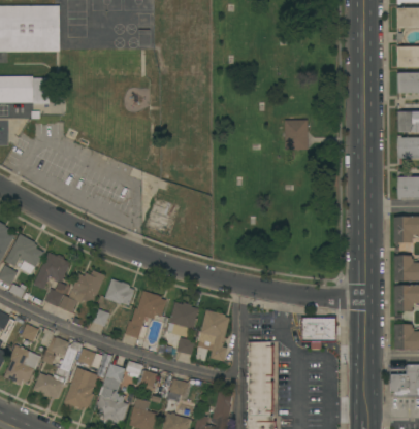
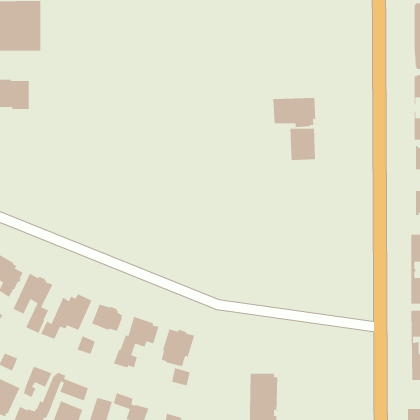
building: none -> [272,97,316,128]
building: [199,309,230,362] -> none
building: [301,317,337,349] -> none

